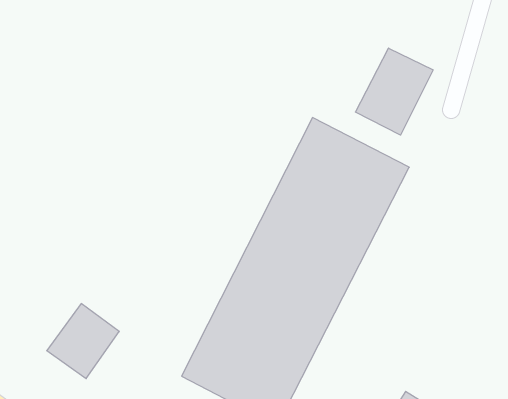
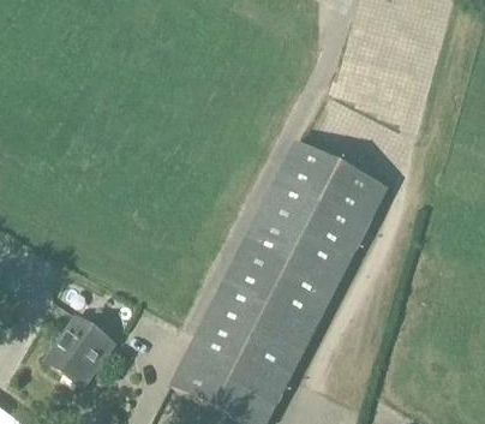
building: [355,48,433,135] -> none

